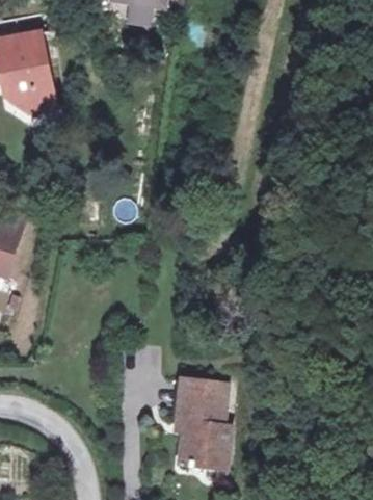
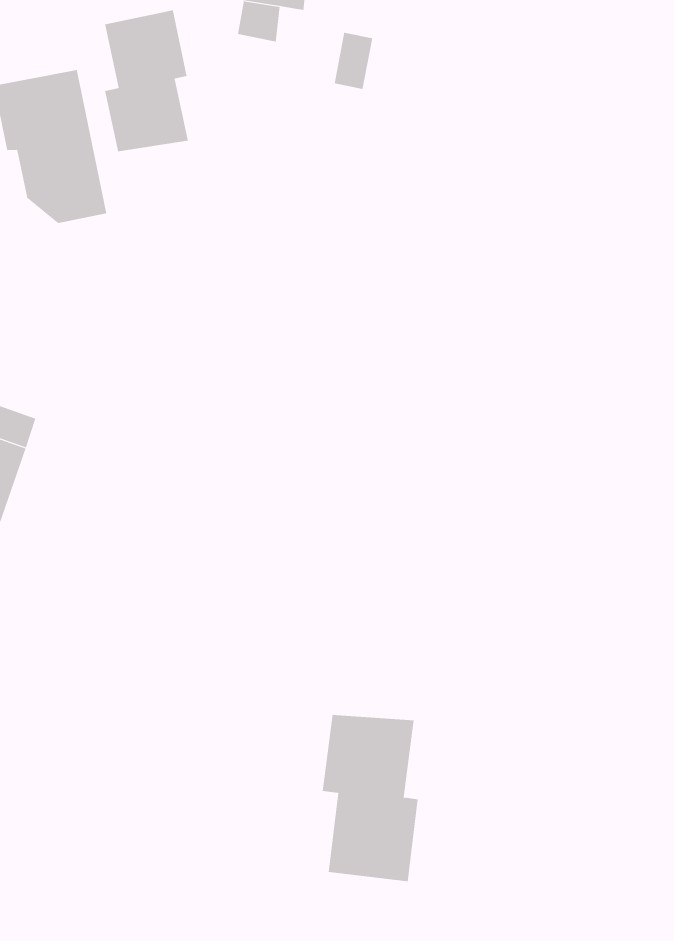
building: none -> [105,10,189,152]

